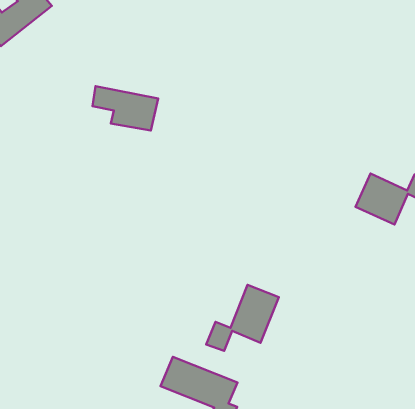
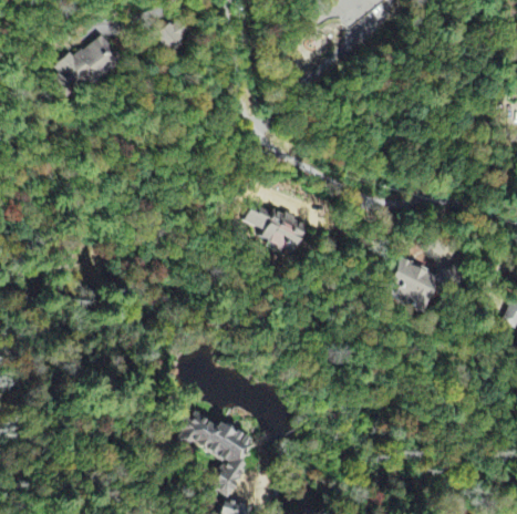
building: [92,86,158,131] -> [245,202,309,251]
building: [206,285,279,351] -> none

